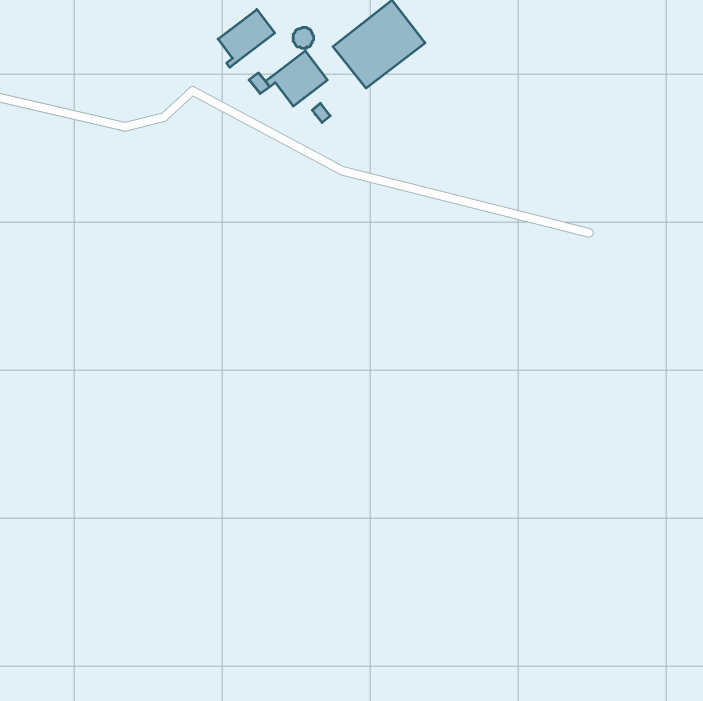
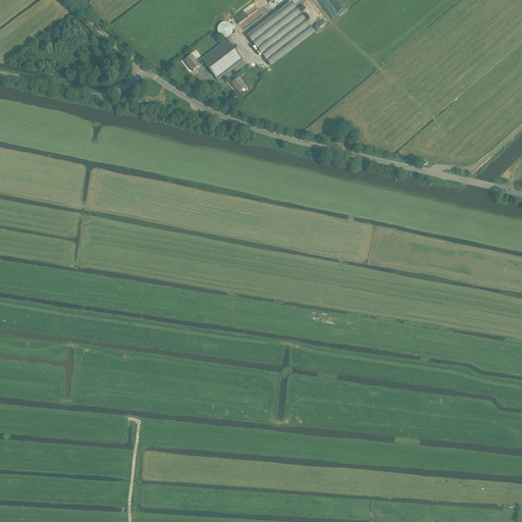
building: [218,9,275,67] -> none

